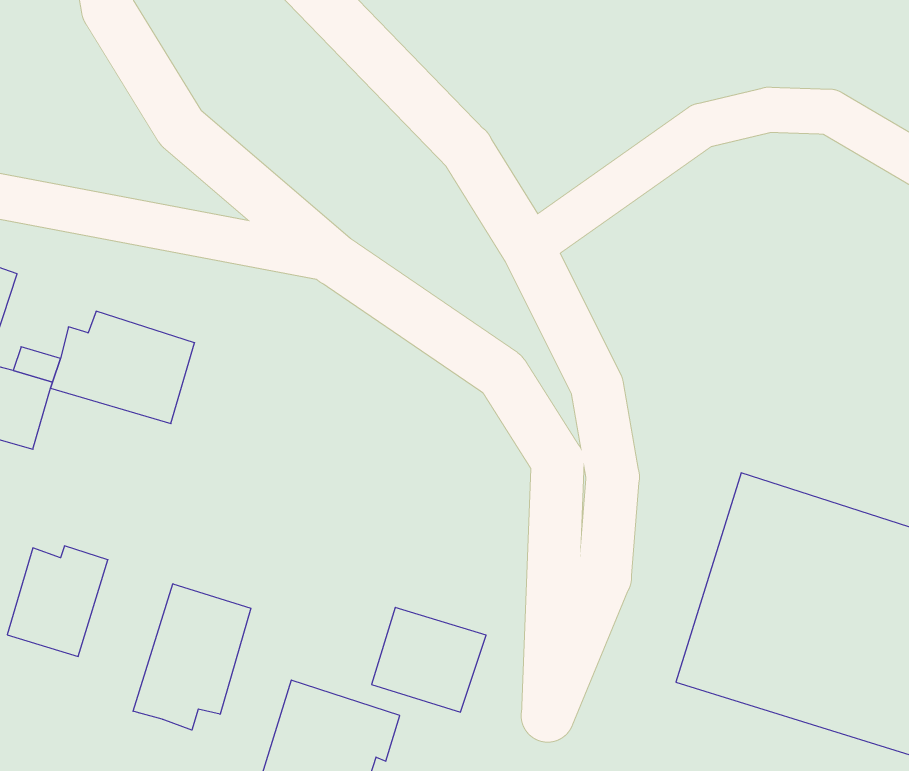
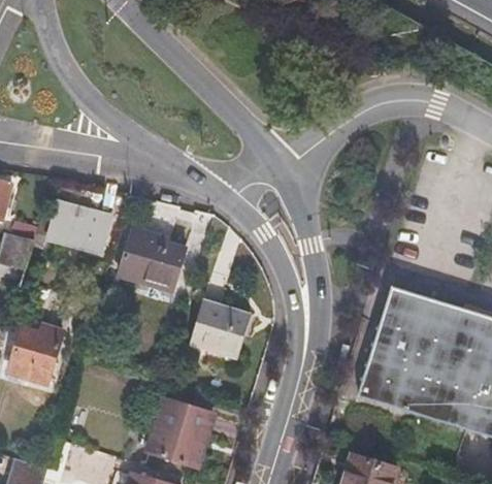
building: none -> [119,228,186,288]
building: [133,584,251,730] -> none
building: [372,607,486,712] -> [194,304,254,359]

